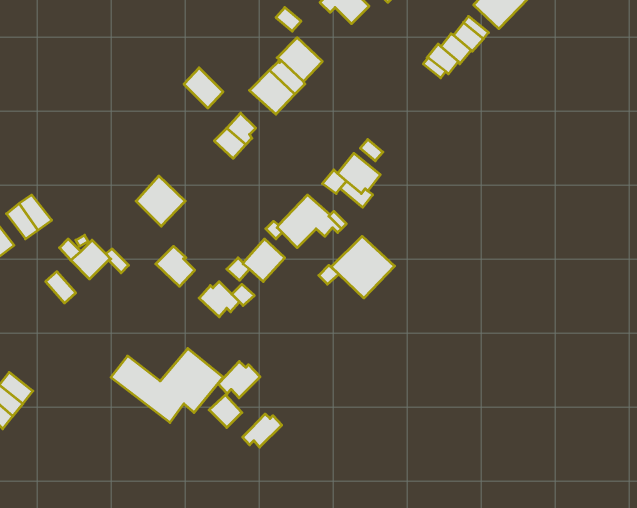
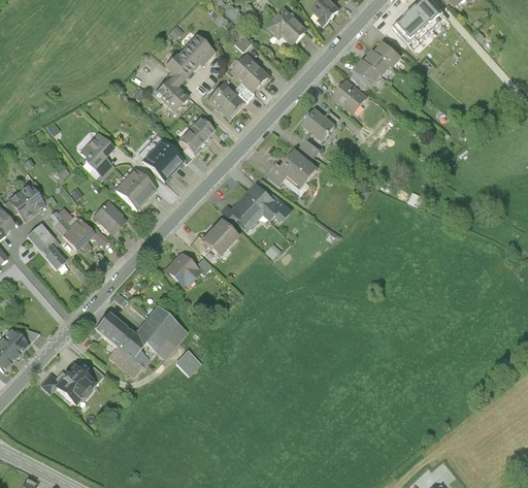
building: none -> [165,35,213,87]
building: none -> [332,79,366,110]
building: none -> [301,106,334,139]
building: none -> [80,133,113,175]
building: none -> [141,137,183,178]
building: [331,236,395,298] -> none
building: [156,246,195,286] -> [93,200,125,233]
building: none -> [27,225,55,254]
building: [218,361,260,398] -> none
building: [243,414,282,447] -> none
building: none -> [54,367,96,410]

